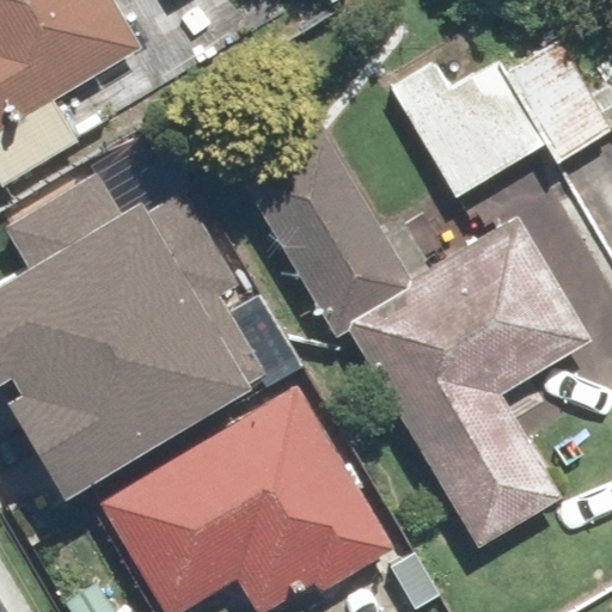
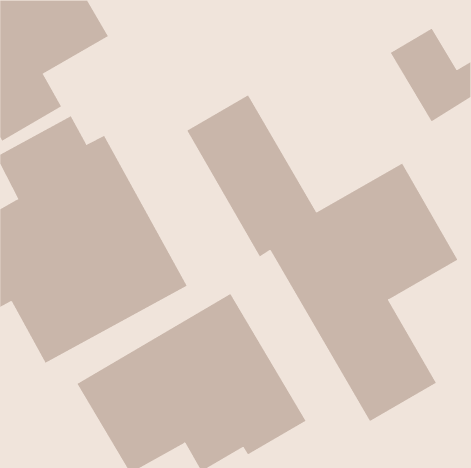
building: [391,62,541,198] -> none

